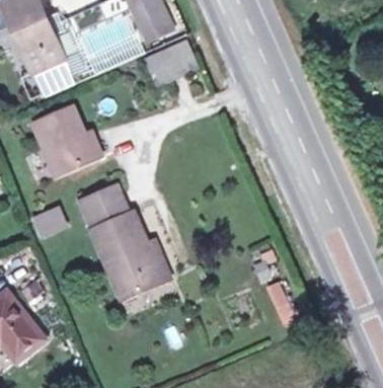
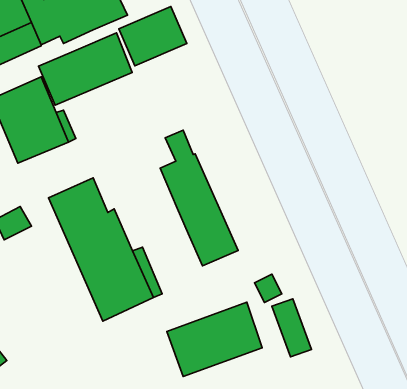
building: none -> [39,33,132,105]
building: none -> [160,130,238,266]
building: none -> [167,302,262,376]

